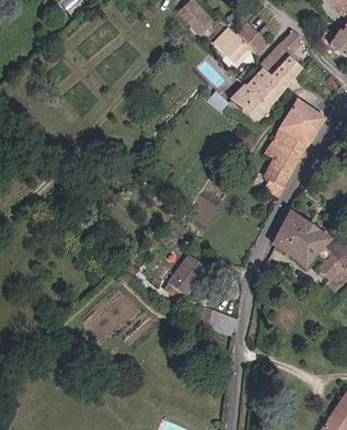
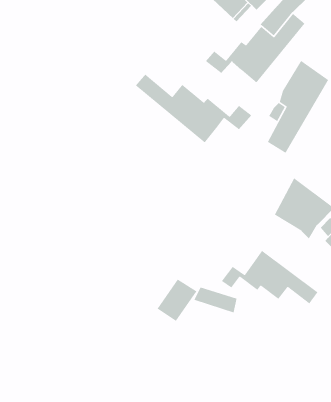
building: none -> [135,73,252,143]
building: [167,254,206,295] -> [156,278,197,322]
building: none -> [221,250,319,304]

